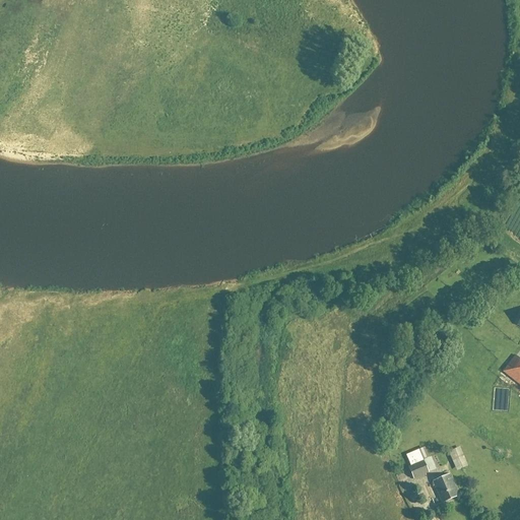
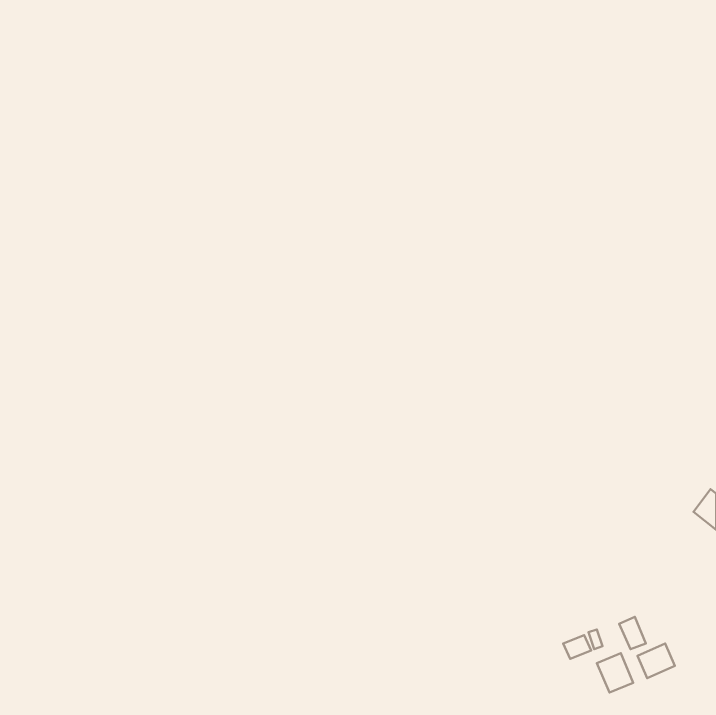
building: none -> [638,644,675,678]

